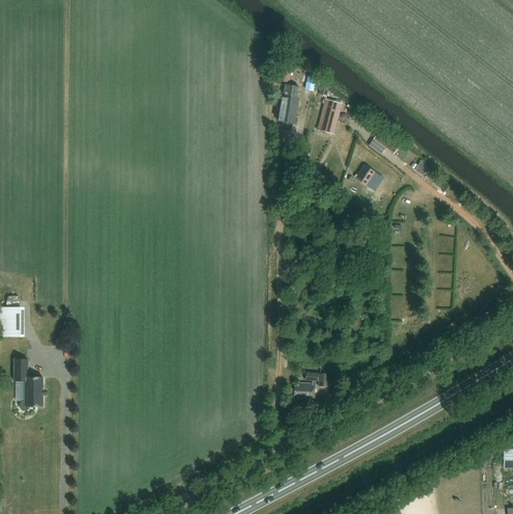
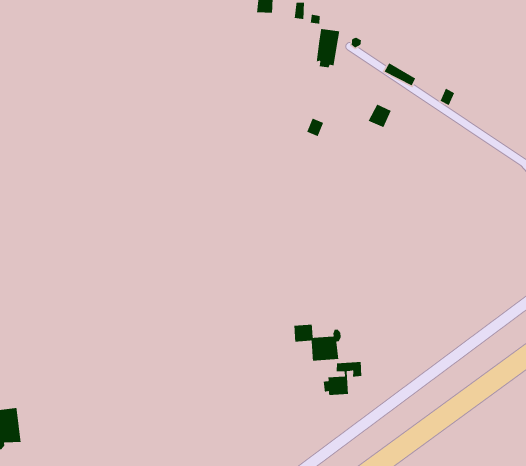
building: [277,84,299,121] -> none
building: none -> [293,324,342,361]

